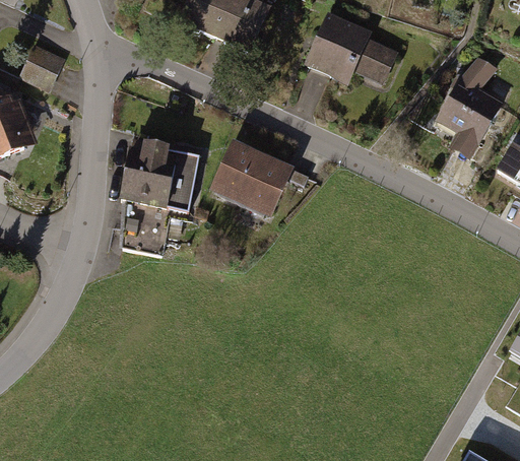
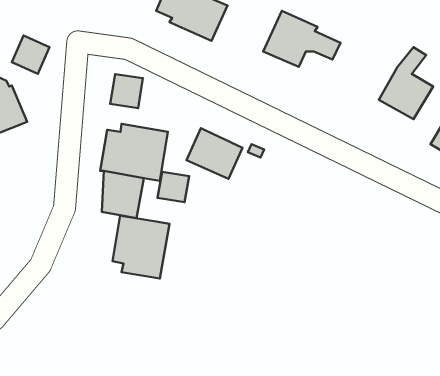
building: none -> [110,74,143,108]
building: none -> [158,172,189,202]
building: none -> [112,215,170,279]

